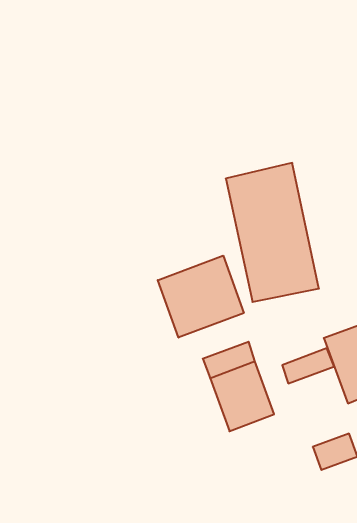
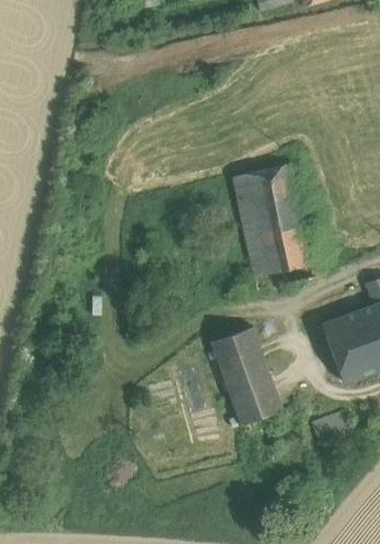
building: [158,256,244,338] -> none
building: [282,348,334,383] -> [235,392,283,424]

